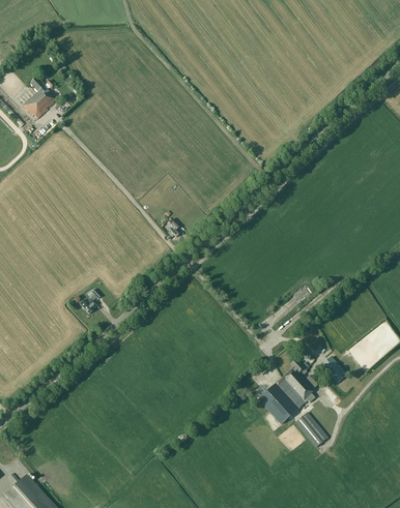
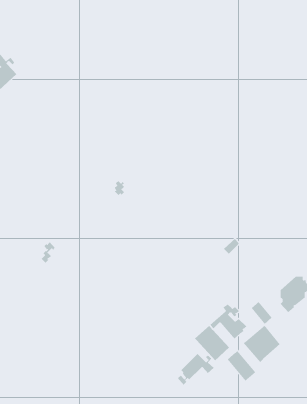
building: none -> [243,325,281,363]
building: none -> [177,353,214,385]

